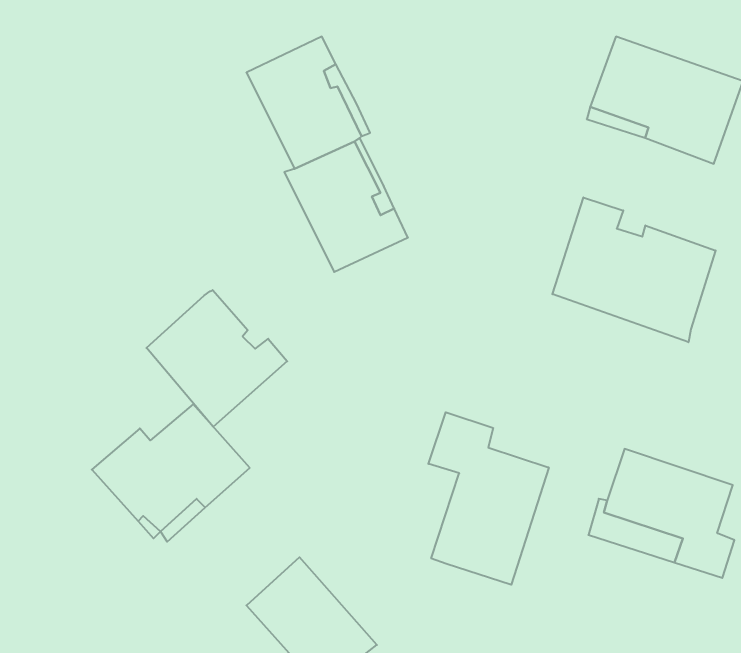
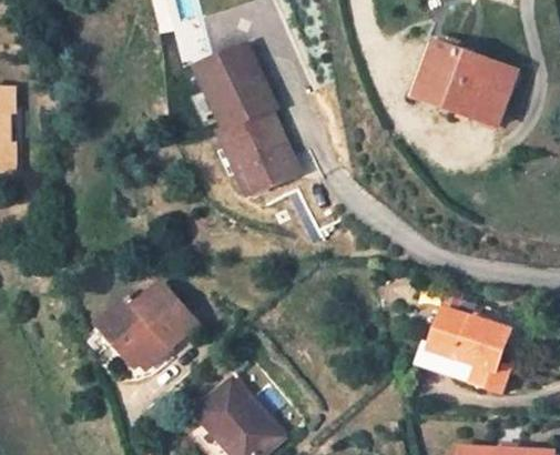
building: [552,197,716,342] -> none
building: [146,290,287,427] -> none
building: [428,412,549,585] -> none

